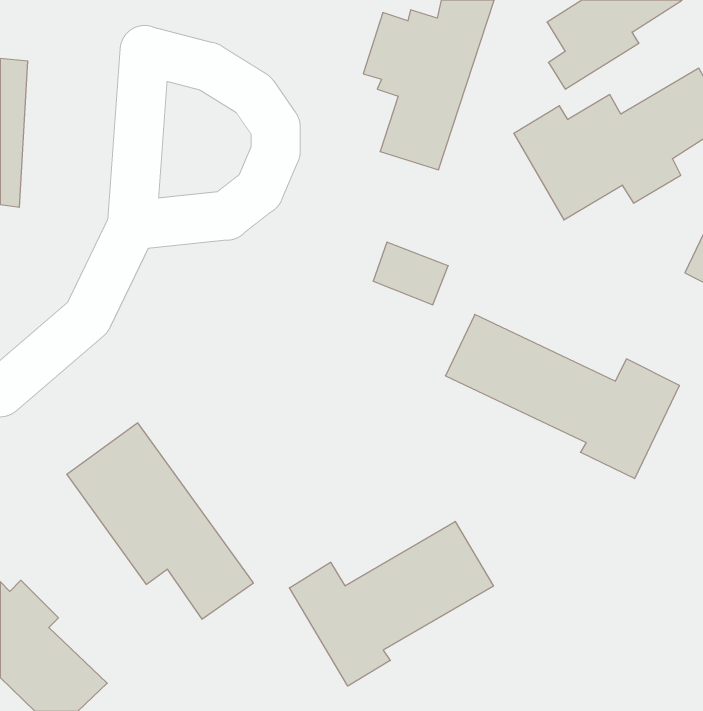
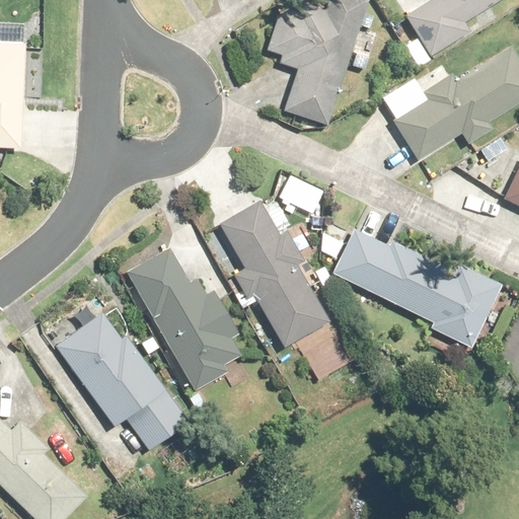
building: none -> [221,202,331,353]
building: none -> [120,227,242,386]
building: [289,521,493,686] -> none

